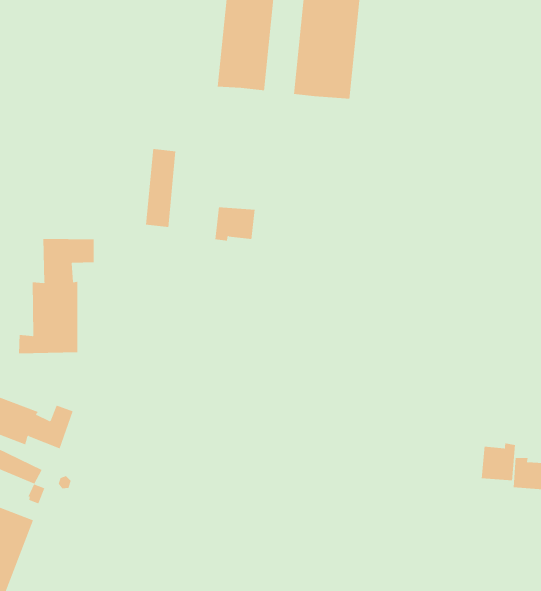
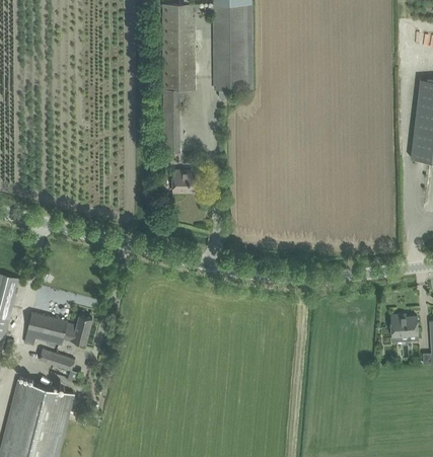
building: [145,149,176,228] -> [162,101,179,153]
building: [18,238,94,354] -> none
building: [481,442,515,481] -> none

